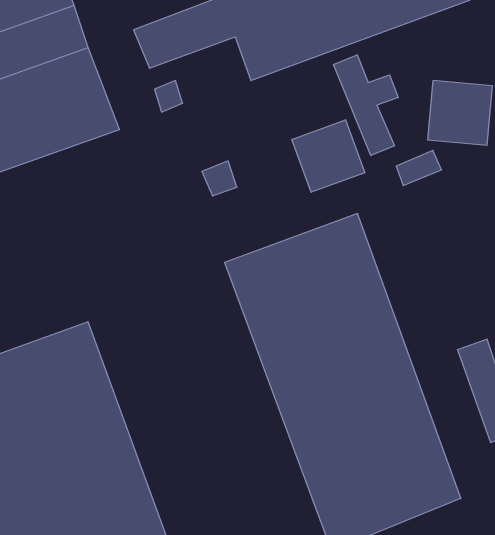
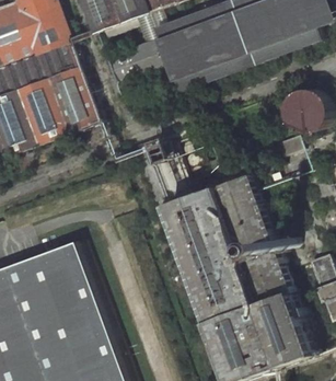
building: [334,55,398,156] -> none
building: [292,120,365,192] -> none

